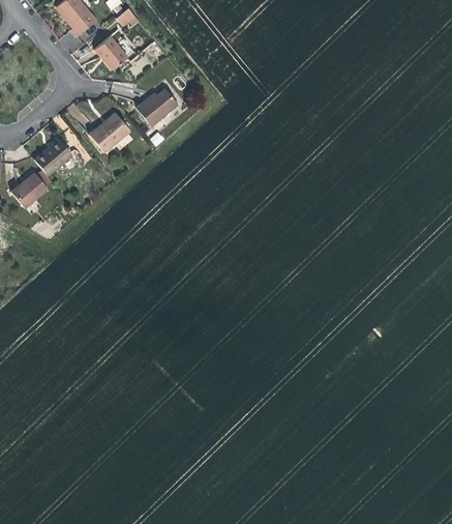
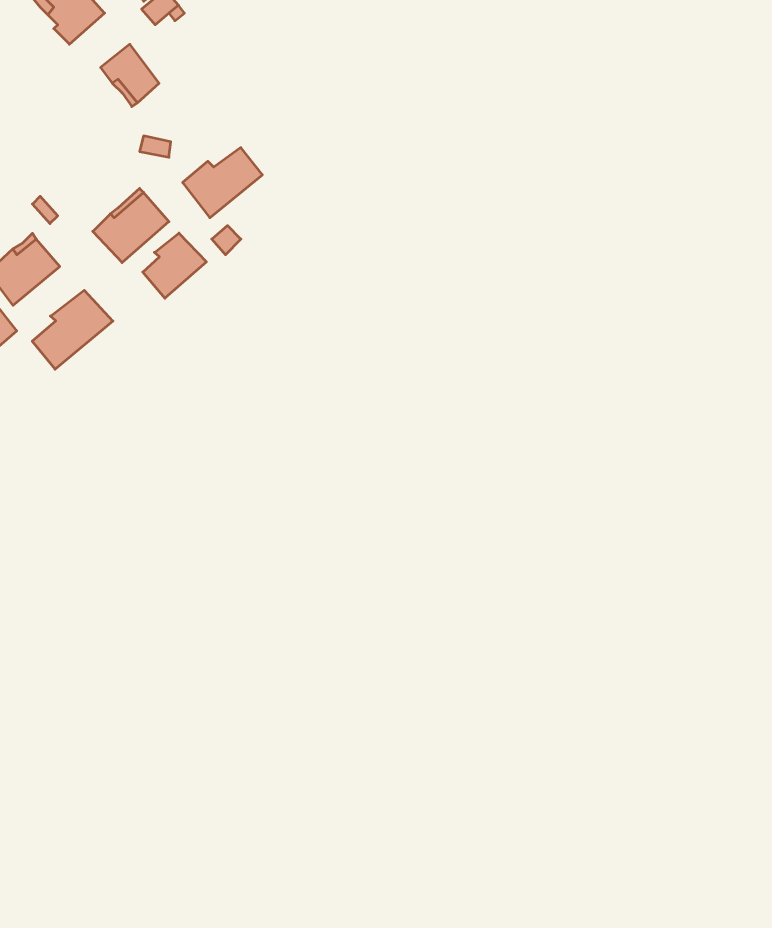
building: none -> [143,233,206,298]
building: none -> [32,290,113,369]

